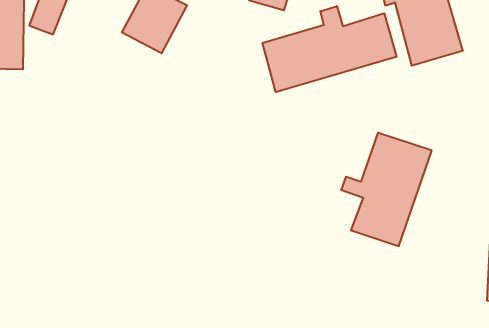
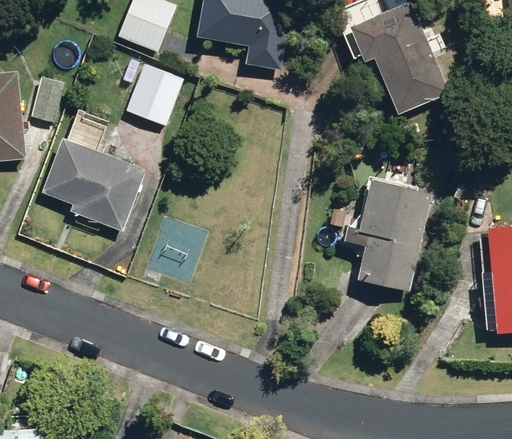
building: [262,6,396,92] -> none
building: none -> [36,139,140,232]

